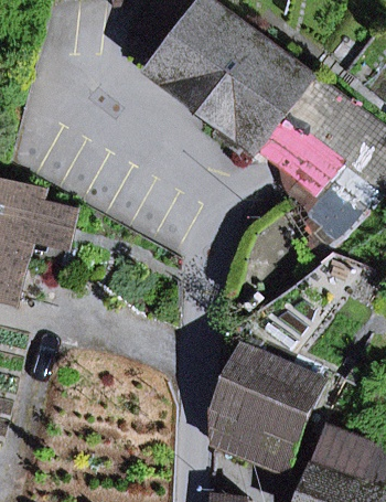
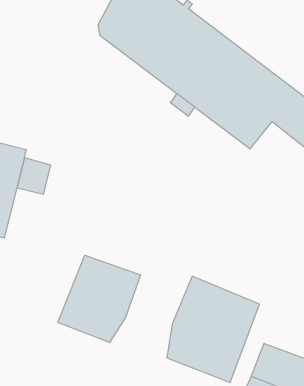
building: none -> [58,255,141,343]

